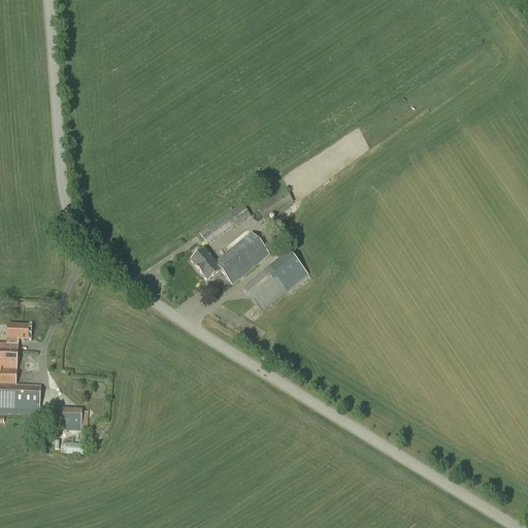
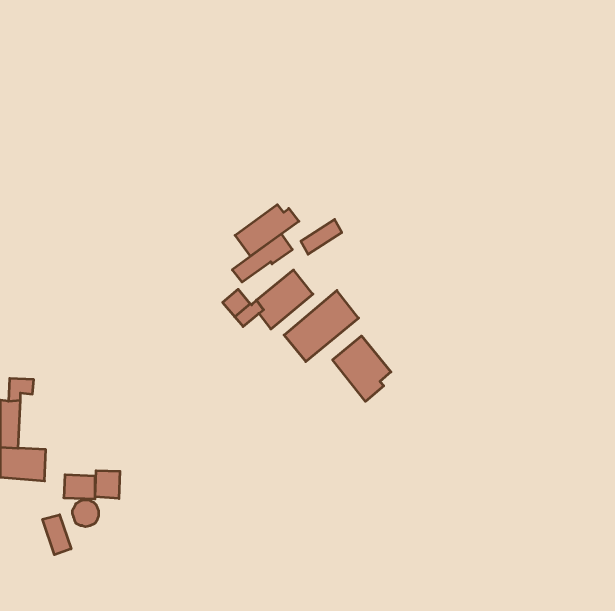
building: none -> [235,205,299,256]
building: none -> [333,336,391,401]
building: none -> [95,471,120,499]
building: none -> [43,515,71,555]

